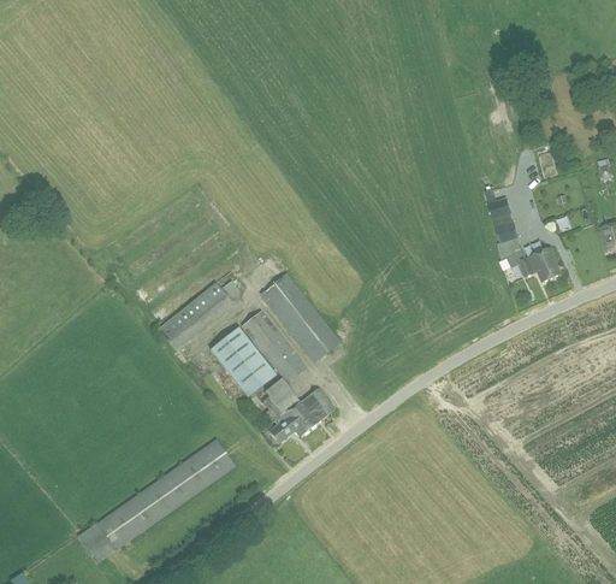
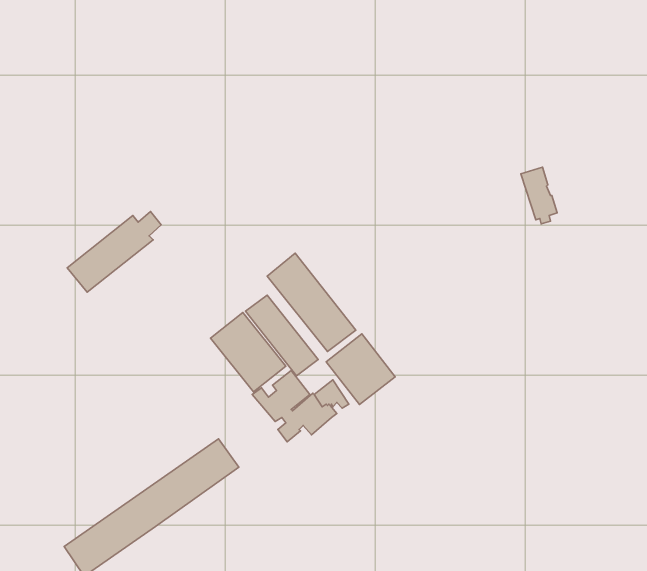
building: [517,247,561,282] -> none
building: [156,278,241,350] -> [67,211,161,292]
building: none -> [326,334,395,405]

